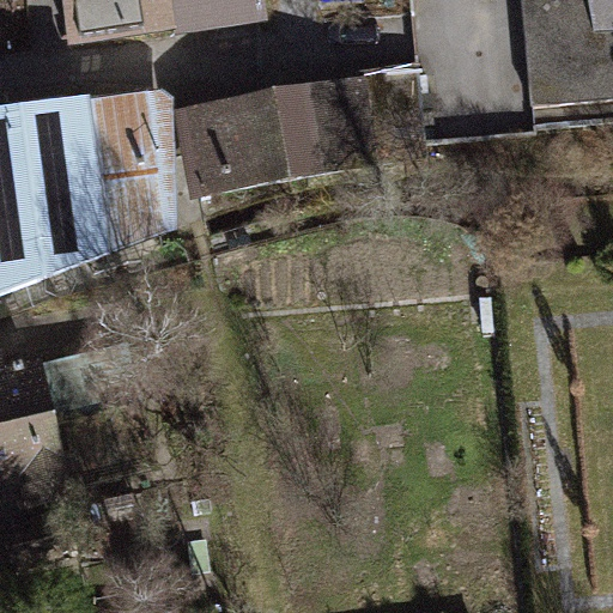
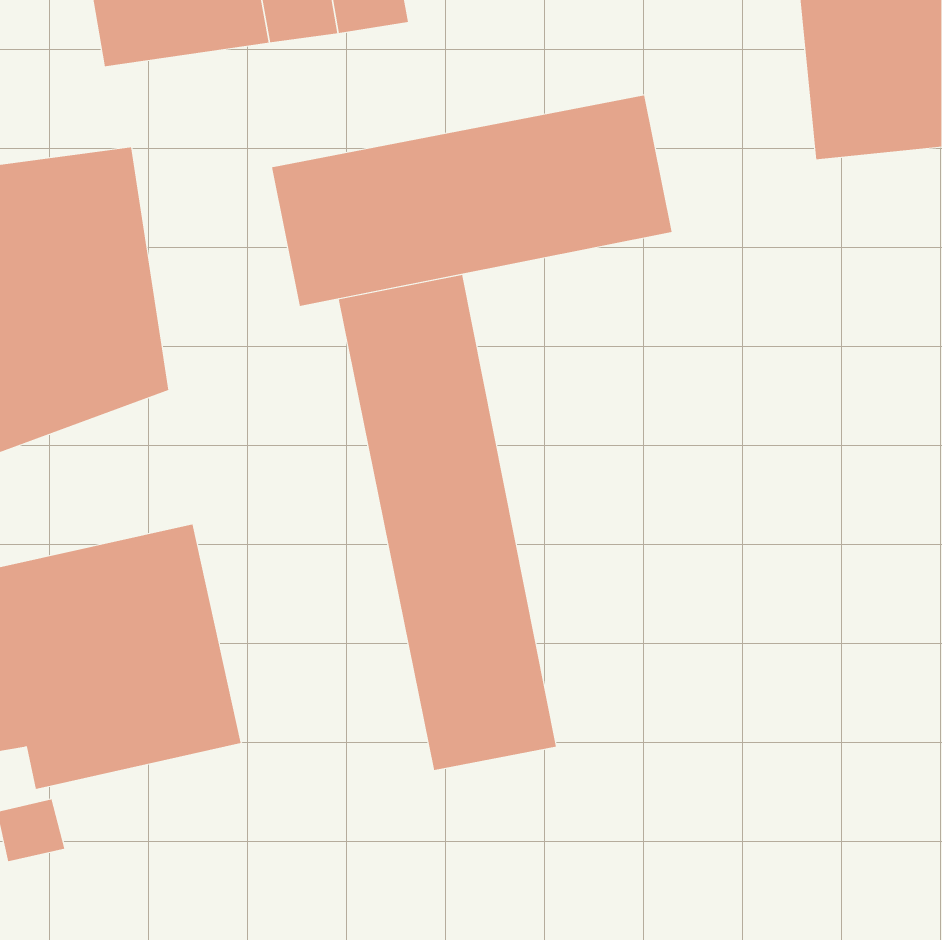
building: [85,86,175,251] -> none
building: none -> [338,274,556,771]

